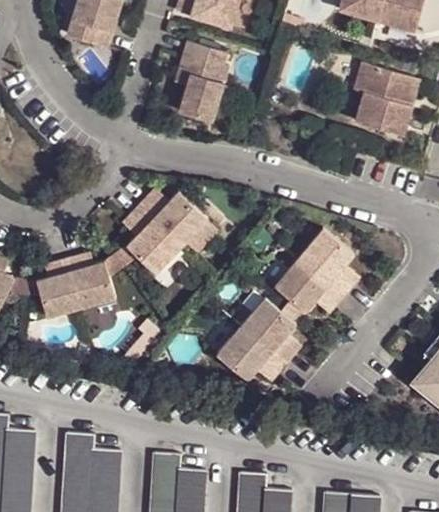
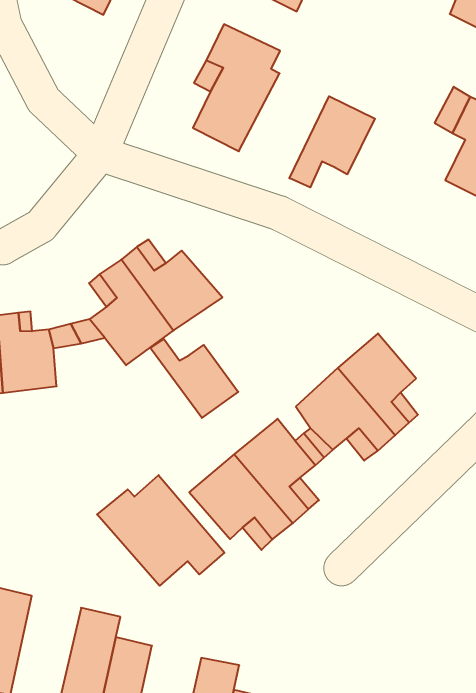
building: none -> [289,96,375,187]
building: none -> [150,339,238,418]
building: none -> [97,475,224,586]

